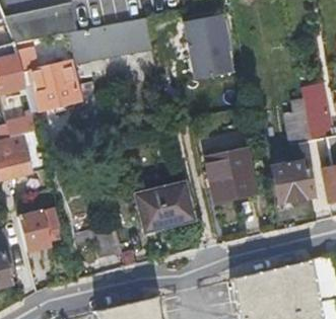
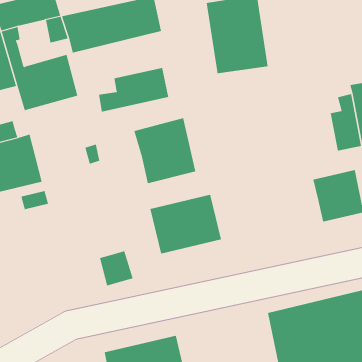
building: none -> [98,67,169,113]
building: [204,148,256,203] -> [134,117,196,184]
building: [17,194,57,248] -> none

